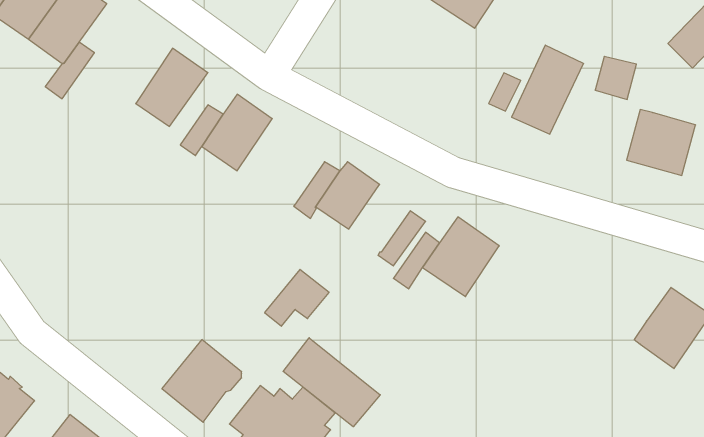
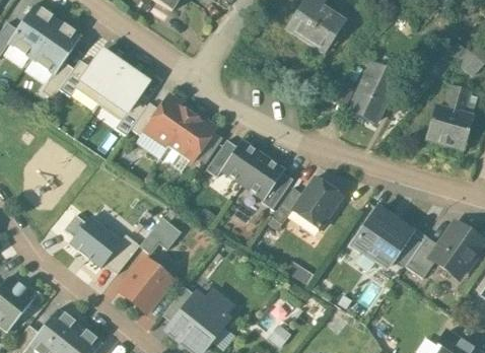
building: none -> [78,50,126,101]
building: [595,56,636,99] -> [443,85,471,114]
building: none -> [168,112,215,162]
building: none -> [243,155,285,200]
building: none -> [352,207,410,269]
building: [265,269,329,326] -> [139,217,182,255]
building: none -> [65,214,122,268]
building: none -> [406,236,439,278]
building: [283,338,380,427] -> none

